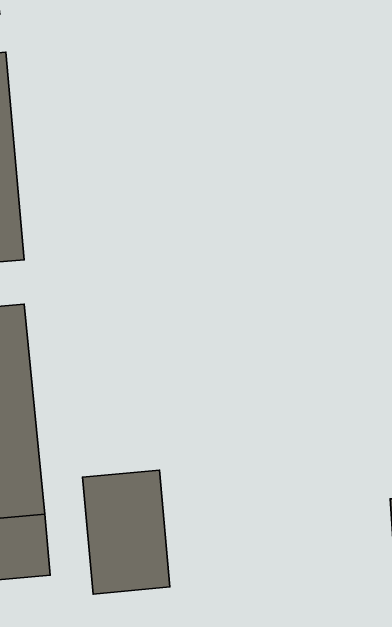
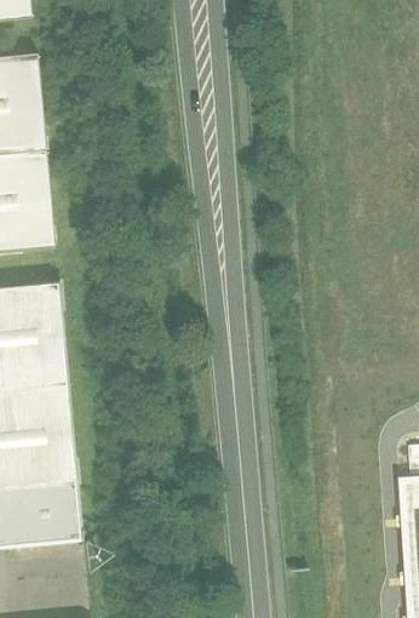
building: [83,470,170,594] -> none

